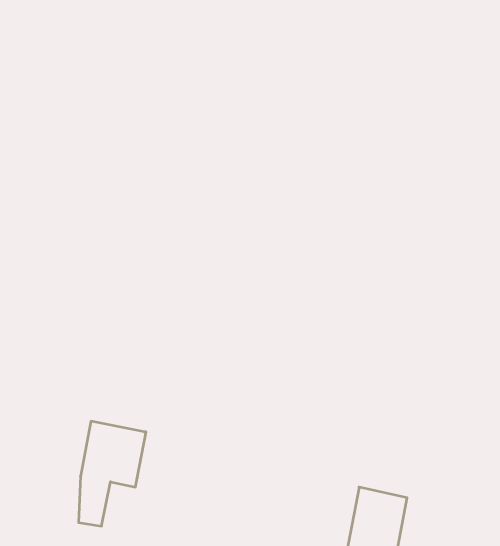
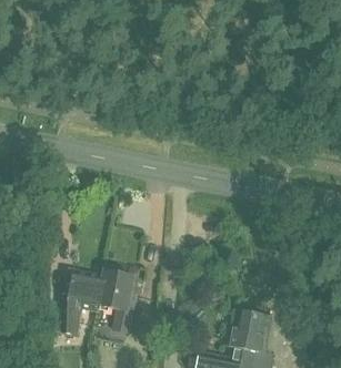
building: none -> [98,269,136,331]

